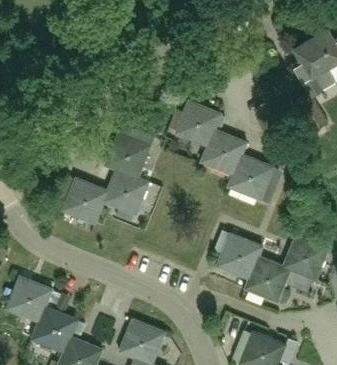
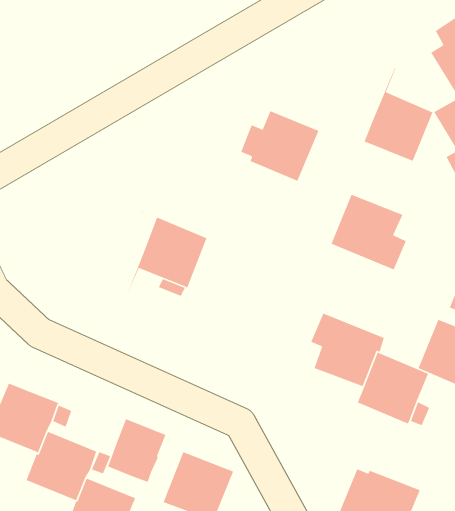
building: [200,113,245,174] -> [363,67,433,162]
building: [105,124,154,182] -> none
building: [62,177,107,223] -> none
building: none -> [107,418,166,483]

